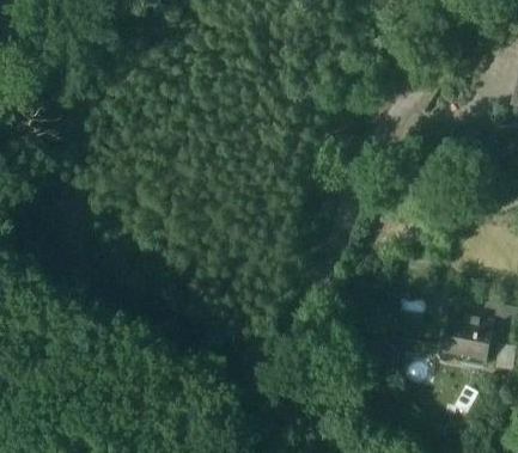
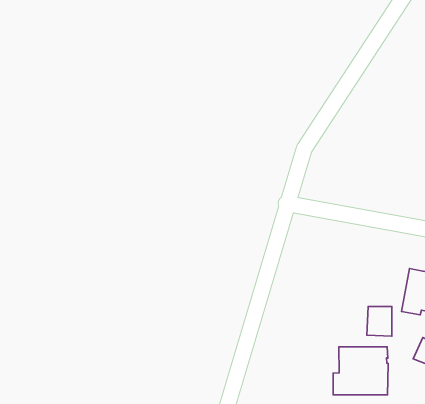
building: none -> [333,347,388,395]

